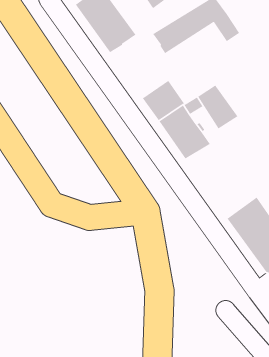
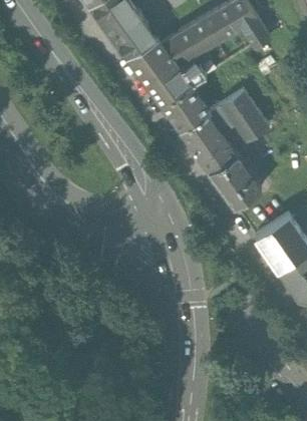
building: none -> [127,40,207,110]
building: none -> [210,160,262,212]

